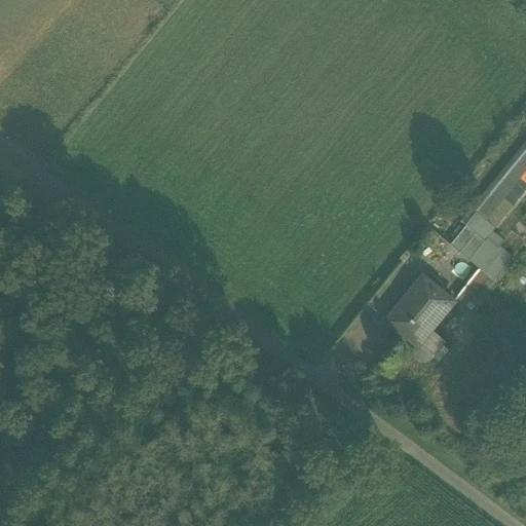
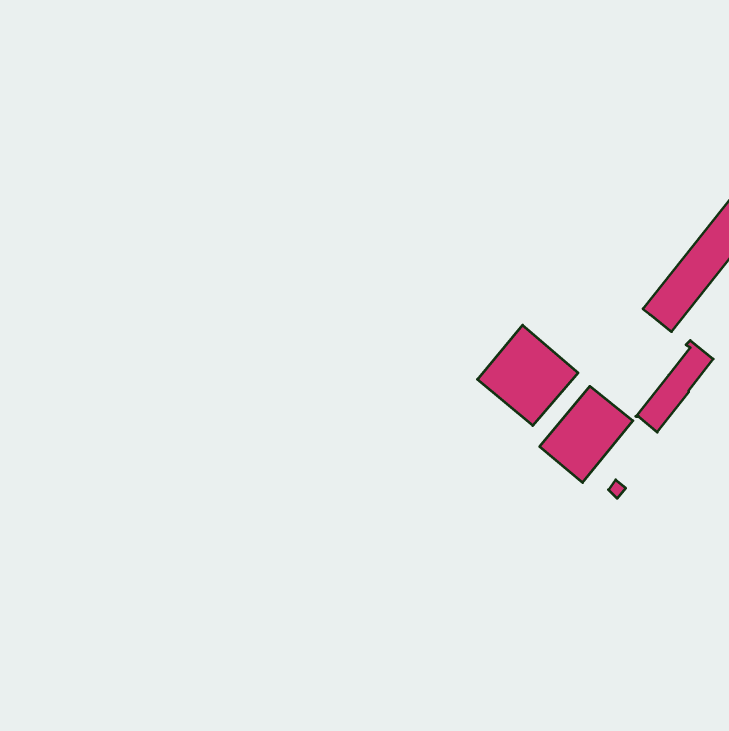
building: [453,225,497,268] -> none
building: none -> [477,325,578,426]

